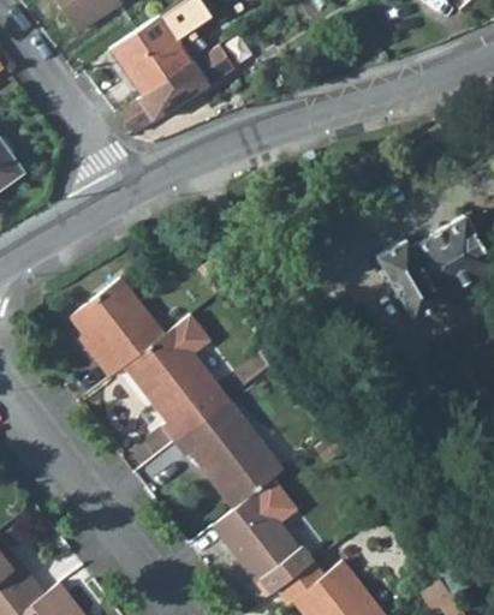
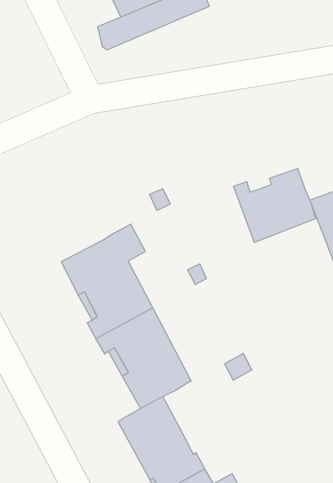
building: none -> [234,168,316,242]
building: [71,277,165,377] -> none

